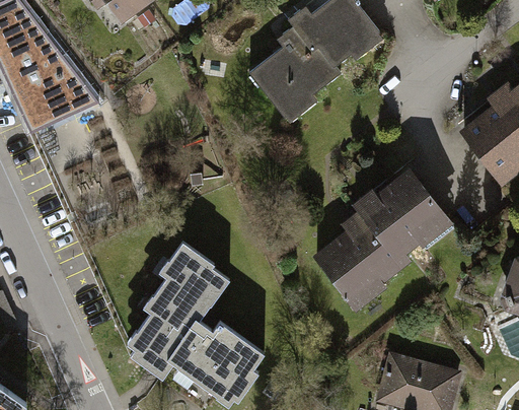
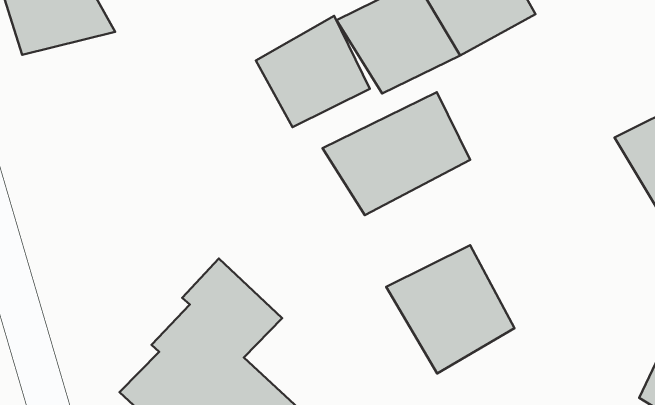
building: none -> [256,16,370,127]
building: none -> [323,92,470,215]
building: [356,168,452,266] -> none

